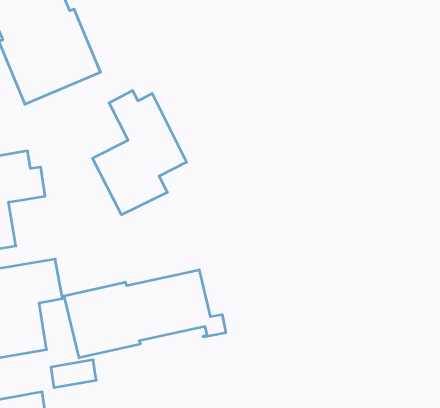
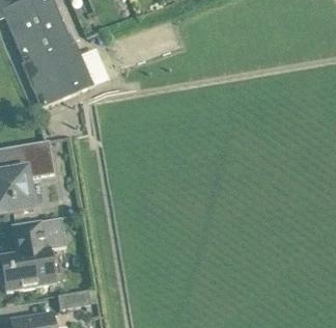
building: [93,90,187,215] -> none
building: [64,270,226,358] -> none

